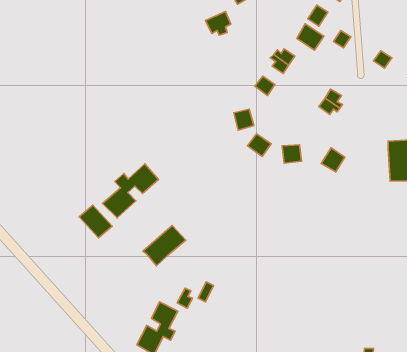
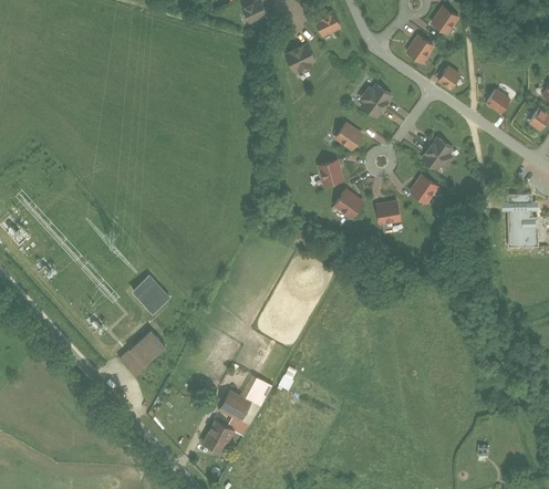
building: [297,24,324,50] -> none
building: [321,148,345,172] -> [408,175,437,204]
building: [103,164,159,218] -> none
building: [143,226,186,266] -> [117,332,169,381]

